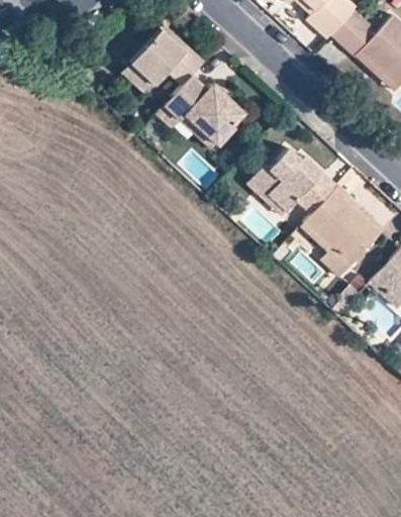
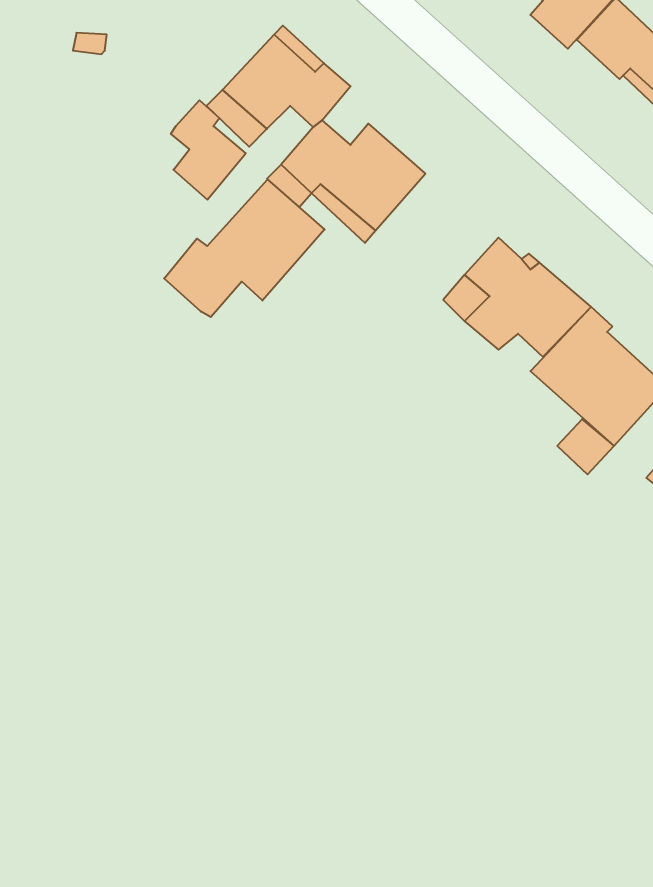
building: none -> [171,100,246,200]
building: none -> [164,180,325,317]

